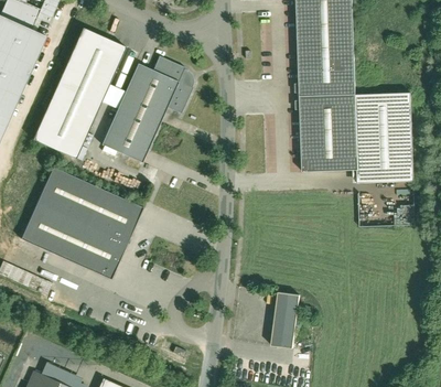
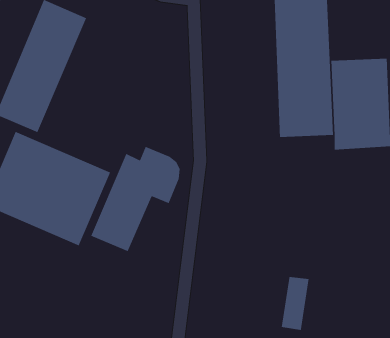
building: [105,55,192,158] -> [90,146,181,252]
building: [271,294,299,347] -> [281,276,310,331]

